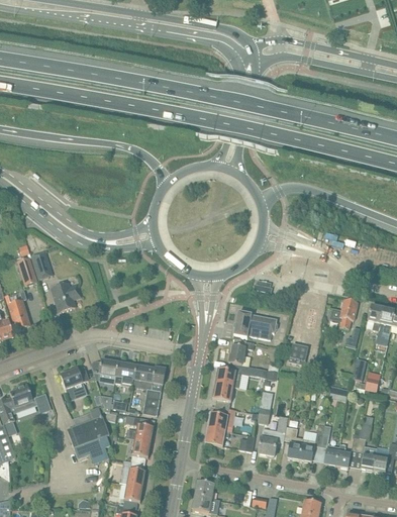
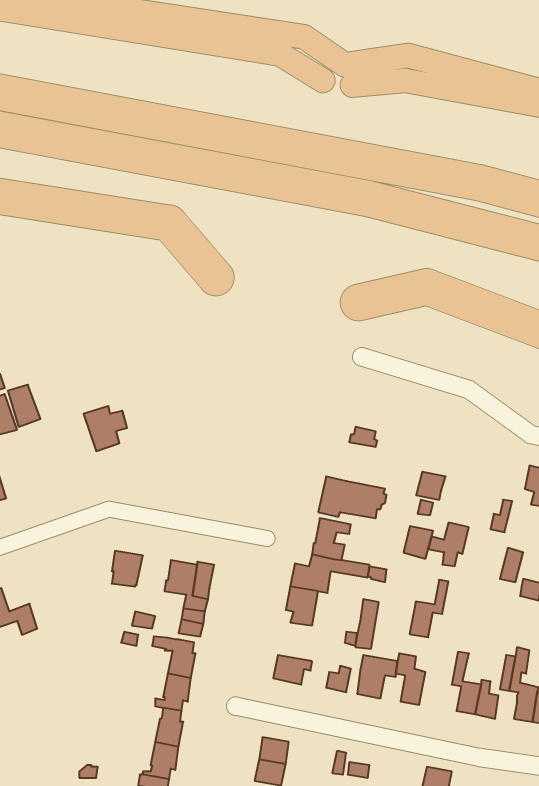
building: [52,282,80,311] -> [84,406,127,451]
building: [331,300,358,328] -> [428,523,469,566]
building: [115,363,137,385] -> none
building: [61,367,88,399] -> none
building: [68,406,110,462] -> none
building: [207,406,235,432] -> none
building: [299,424,324,461] -> [410,580,448,637]

